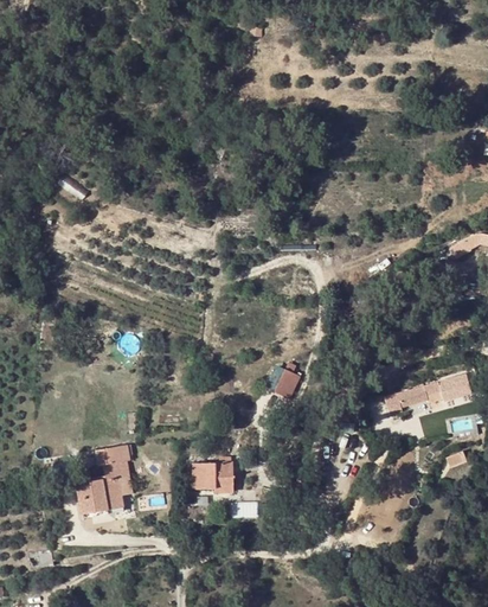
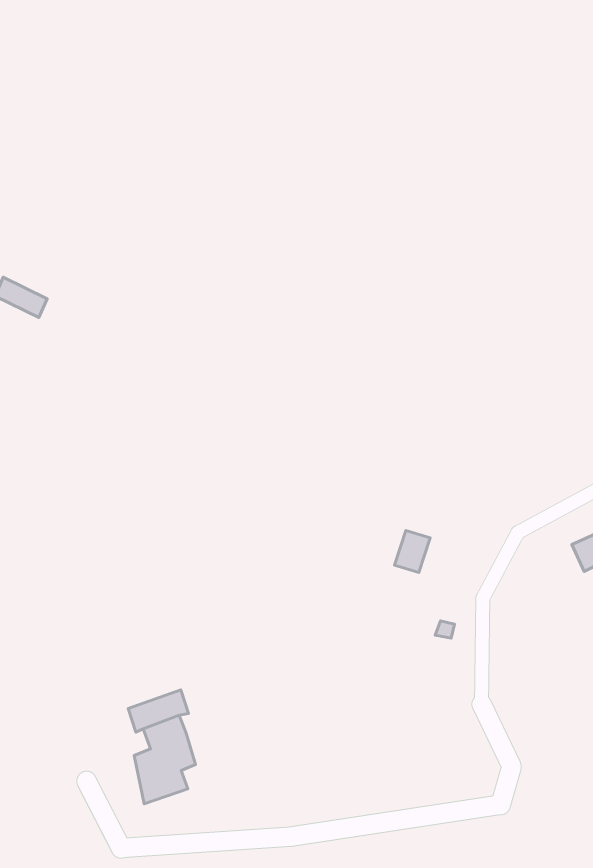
building: [192,456,233,487] -> none
building: [76,480,96,513] -> none

